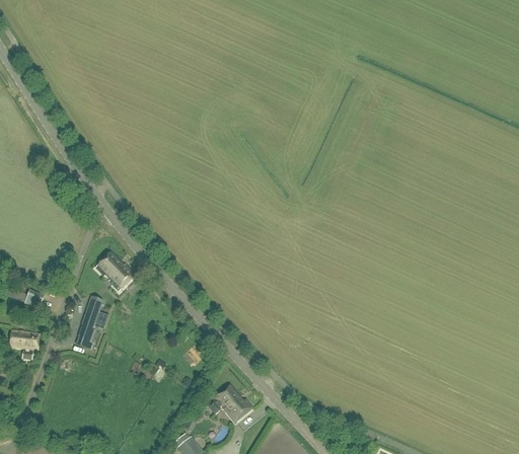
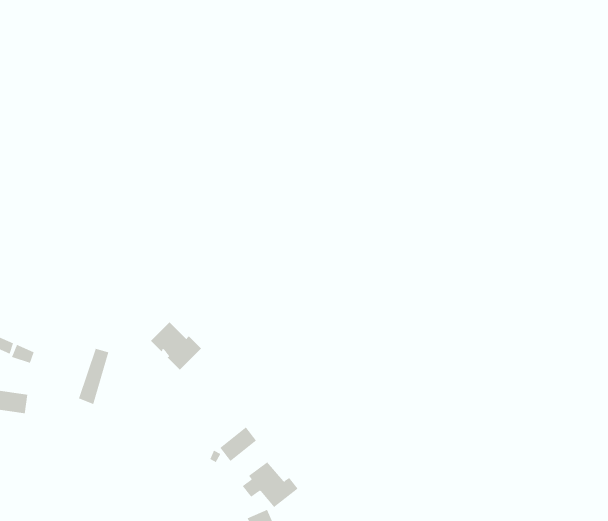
building: [95,252,136,291] -> [150,321,202,370]
building: none -> [219,426,257,462]

